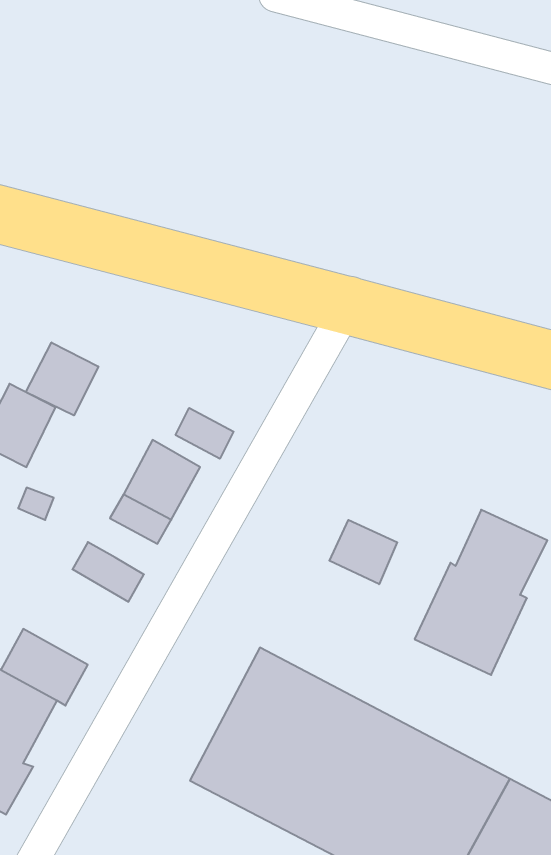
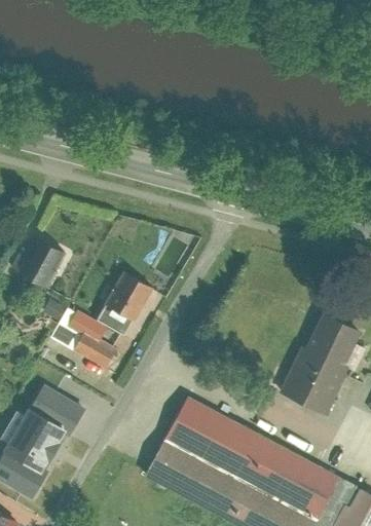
building: [26,342,98,415] -> none
building: [176,408,234,459] -> none
building: none -> [70,309,110,343]
building: [329,520,397,584] -> none

